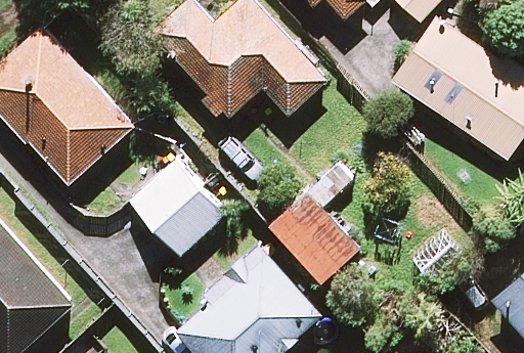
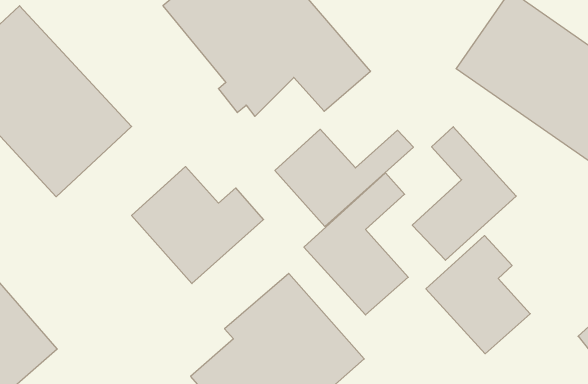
building: none -> [412,127,516,260]
building: none -> [275,129,413,226]
building: none -> [426,236,530,354]

